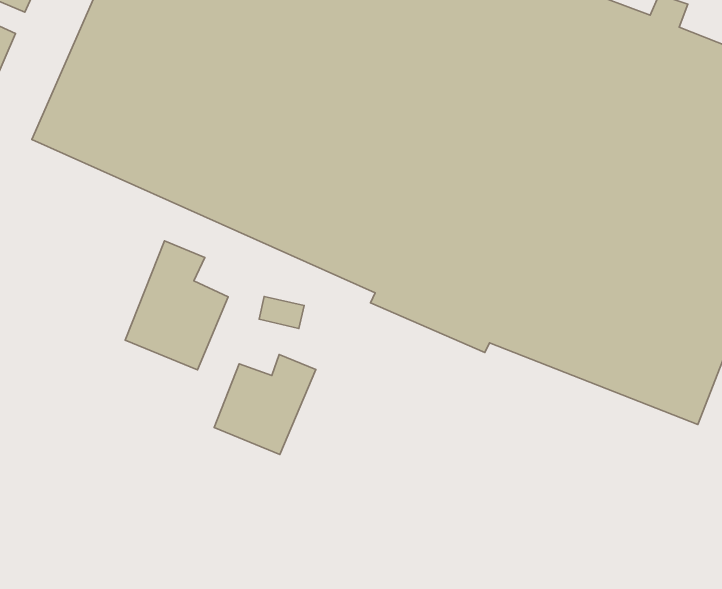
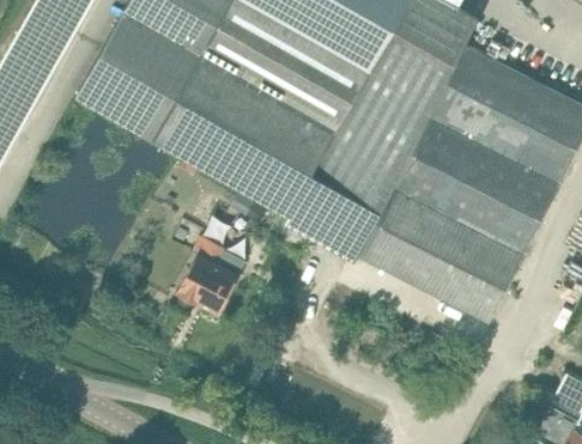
building: [125,241,228,370] -> none

